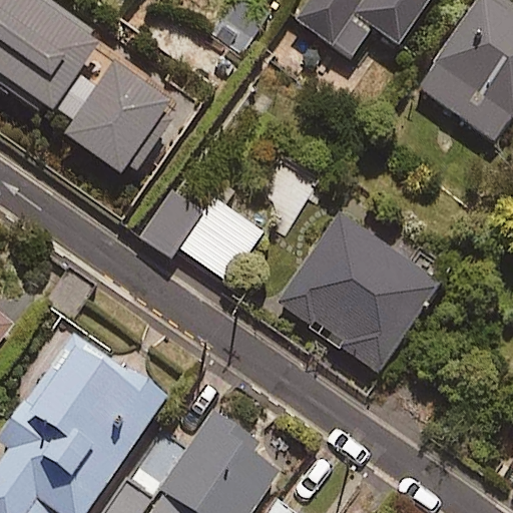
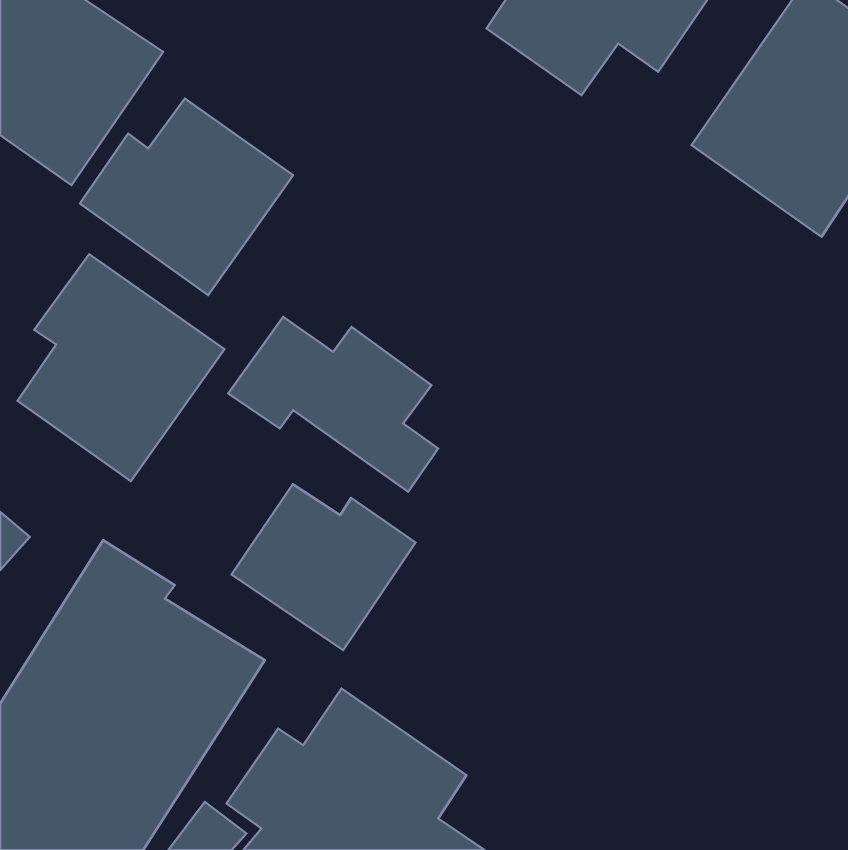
building: none -> [18,254,224,481]
building: [278,213,439,371] -> none
building: none -> [231,484,415,650]

